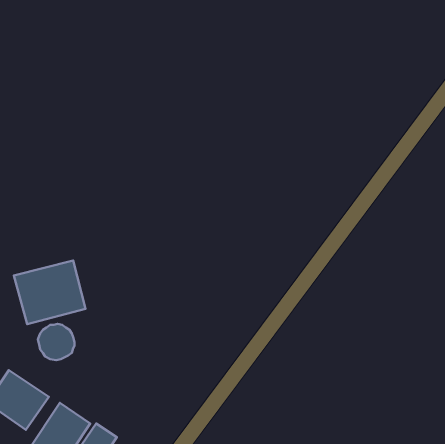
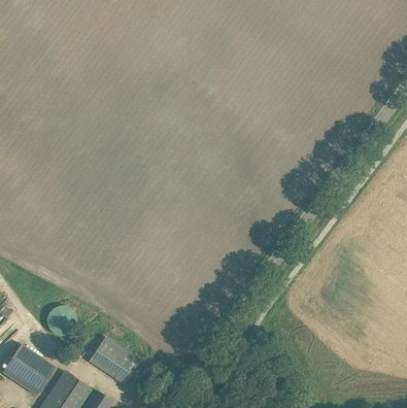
building: [14,261,85,324] -> none
building: none -> [88,335,140,383]

